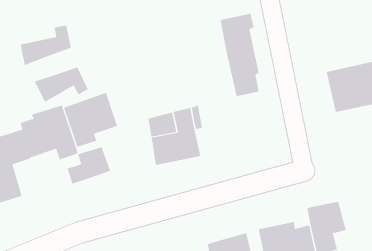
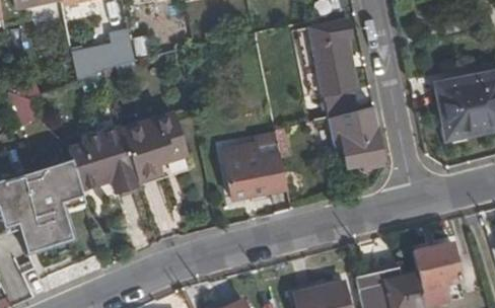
building: [34,66,89,102] -> none
building: none -> [337,107,384,167]
building: [67,146,111,185] -> none

